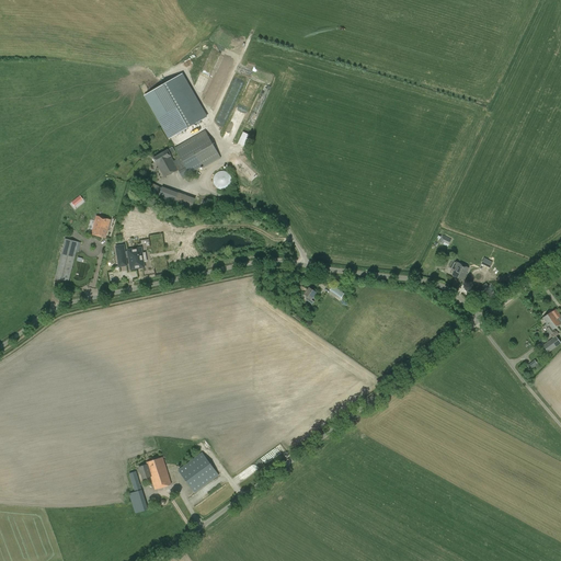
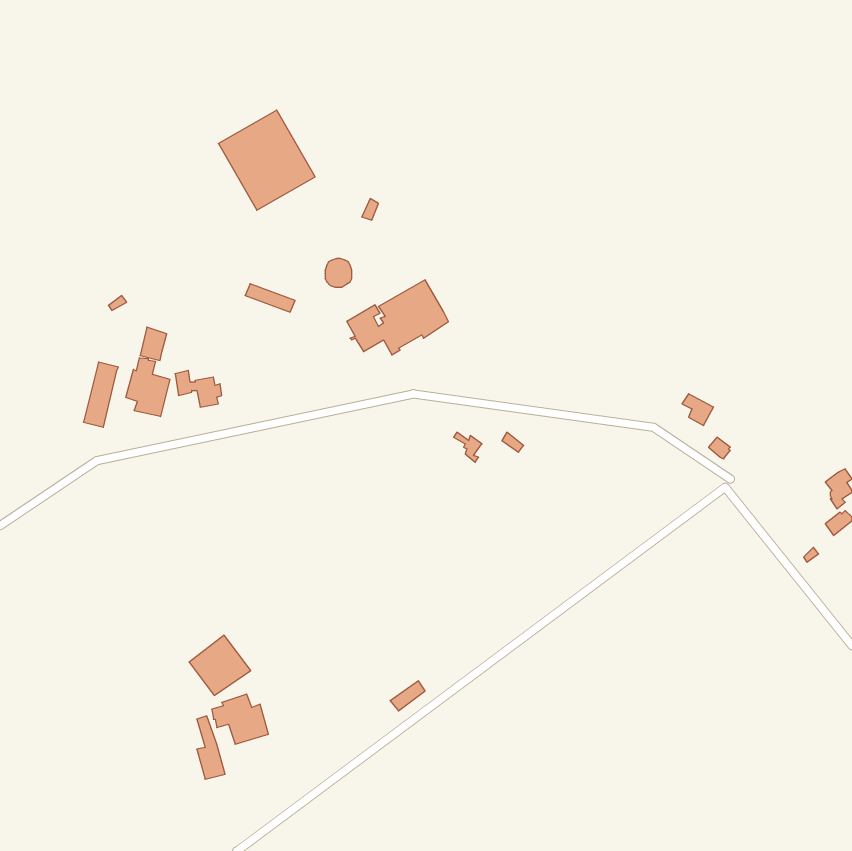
building: [153,129,220,179] -> [347,280,448,355]
building: none -> [126,358,170,417]
building: [179,451,219,491] -> [189,635,251,695]

